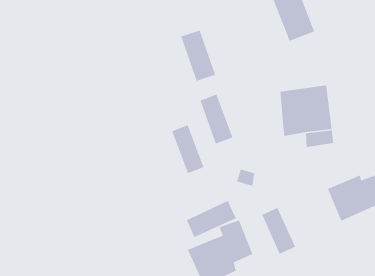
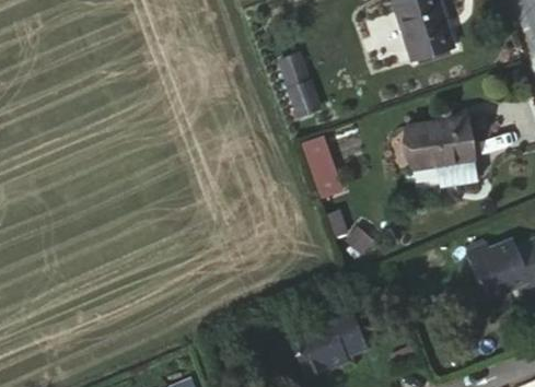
building: [171,124,204,174] -> none
building: [186,200,237,238] -> none
building: [261,207,296,255] -> none

